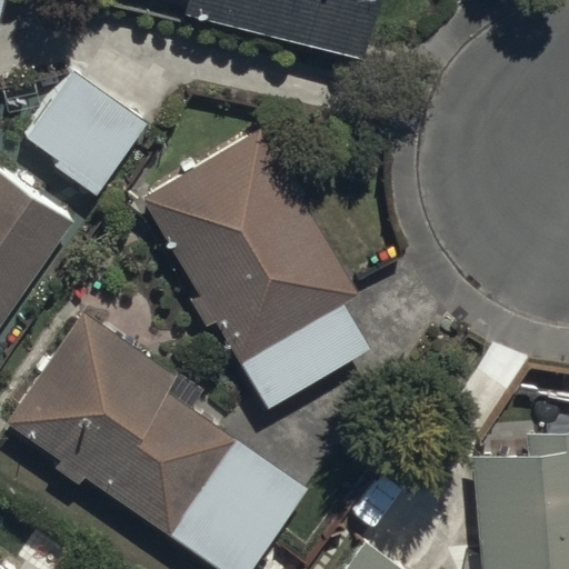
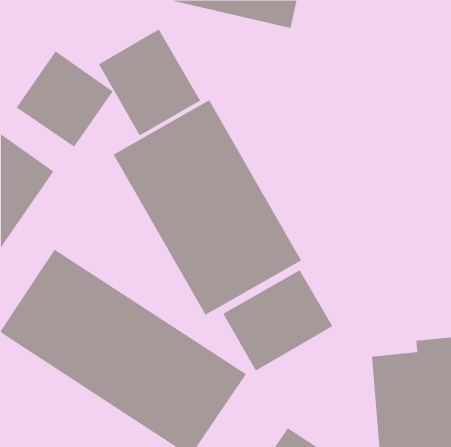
building: none -> [98,29,201,136]
building: none -> [223,270,333,372]

